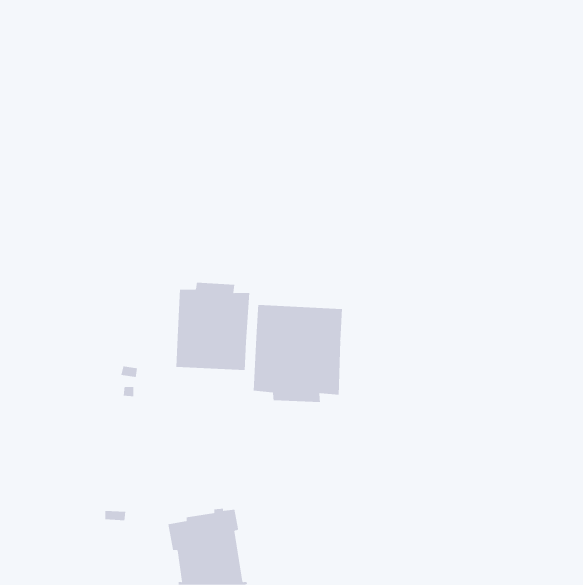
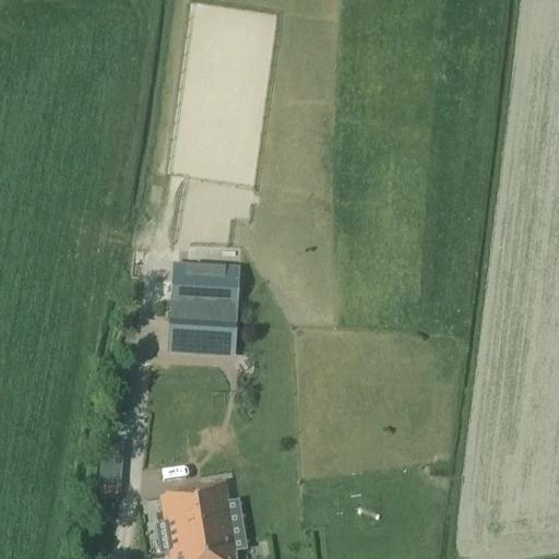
building: [253,304,343,403] -> none

